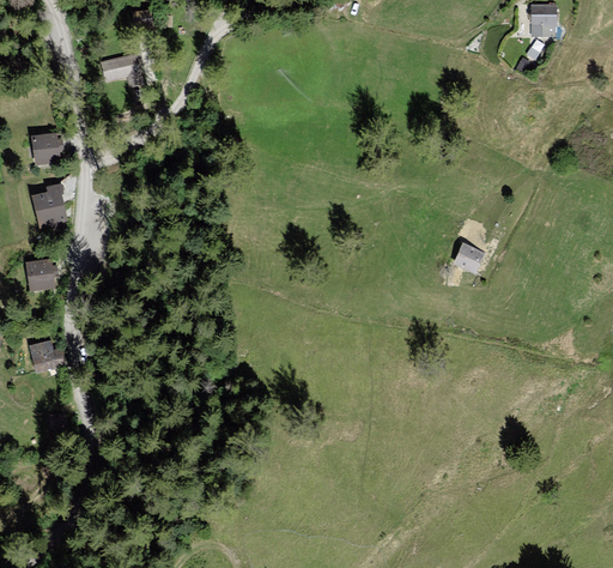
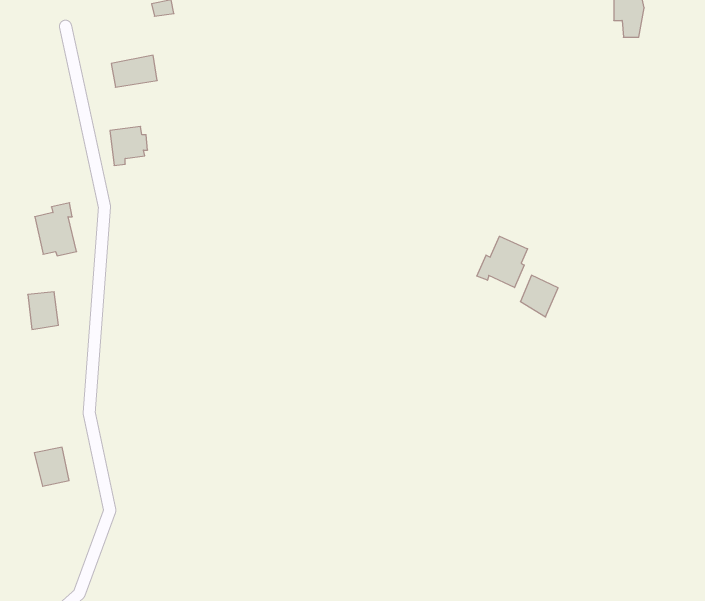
building: [32,131,65,164] -> [110,126,148,165]
building: none -> [477,236,528,288]
building: [30,339,60,373] -> [34,447,69,486]

